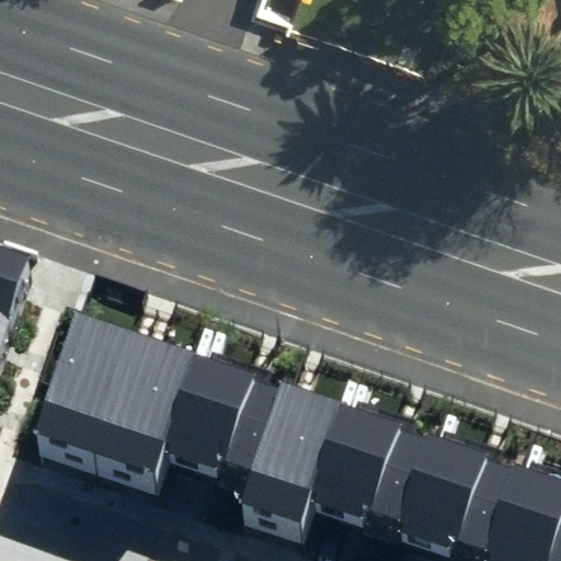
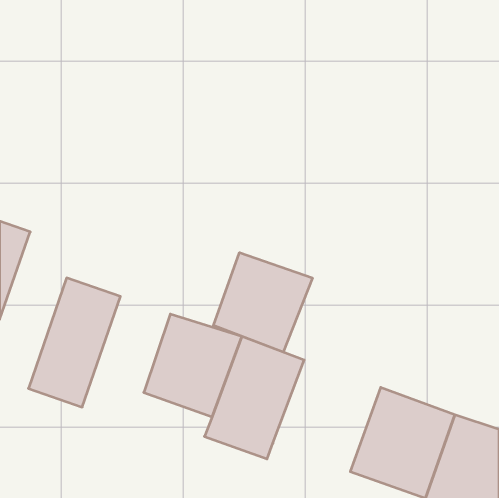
building: none -> [213,253,312,352]
building: [92,334,191,478] -> none
building: [306,405,426,530] -> none

